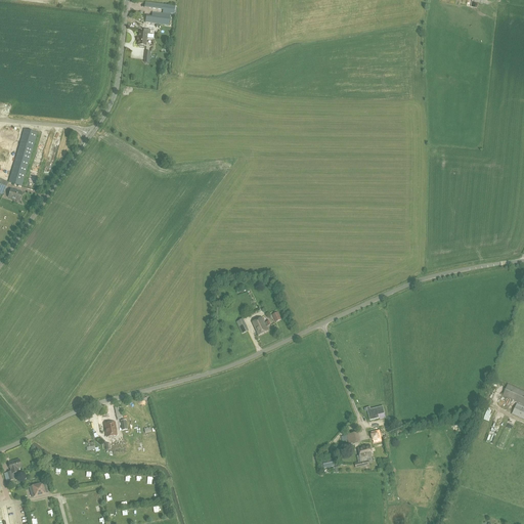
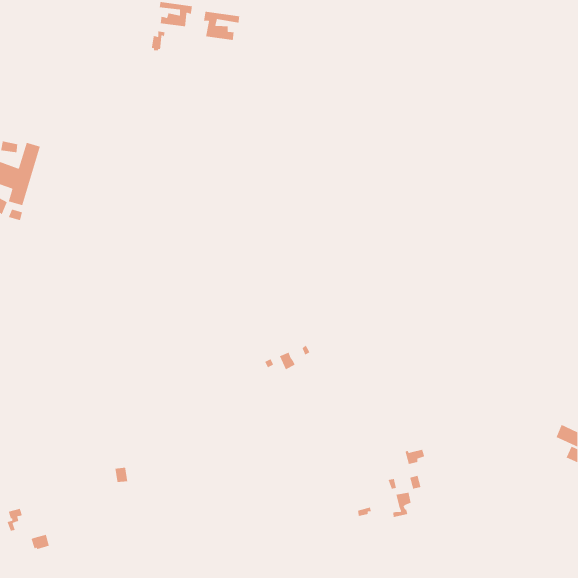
building: none -> [203,11,240,41]

